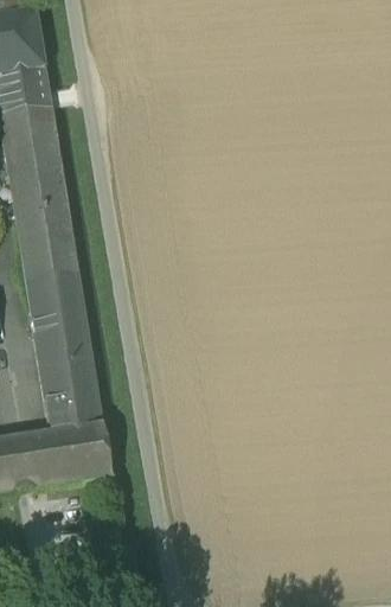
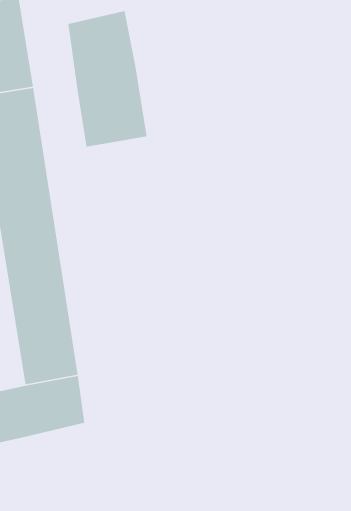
building: none -> [68,10,147,148]

